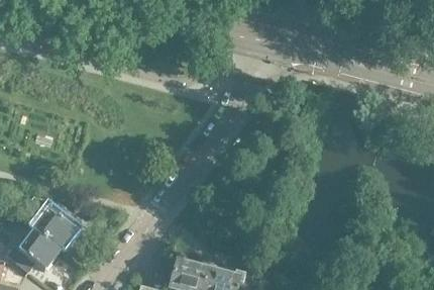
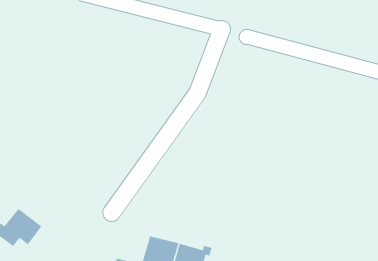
building: [34,200,76,249] -> none

